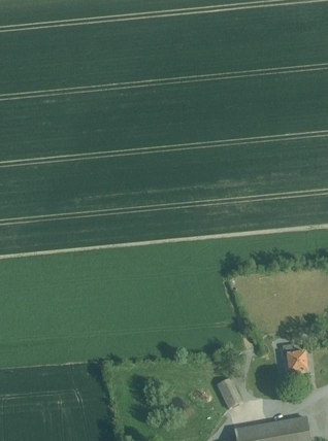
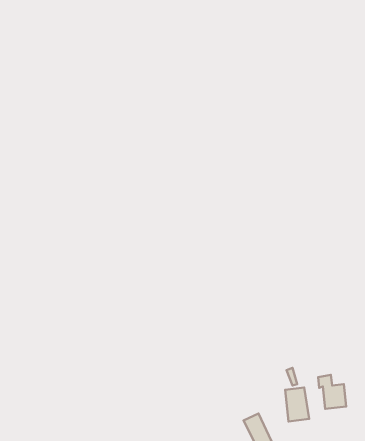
building: none -> [285,388,309,422]

